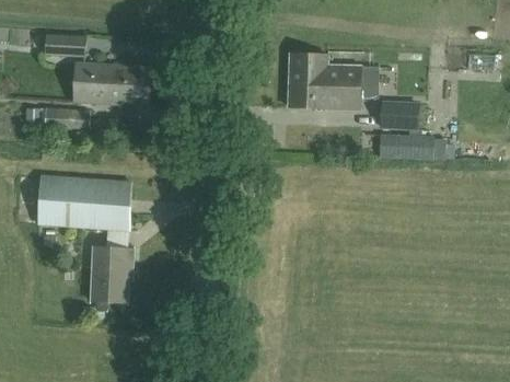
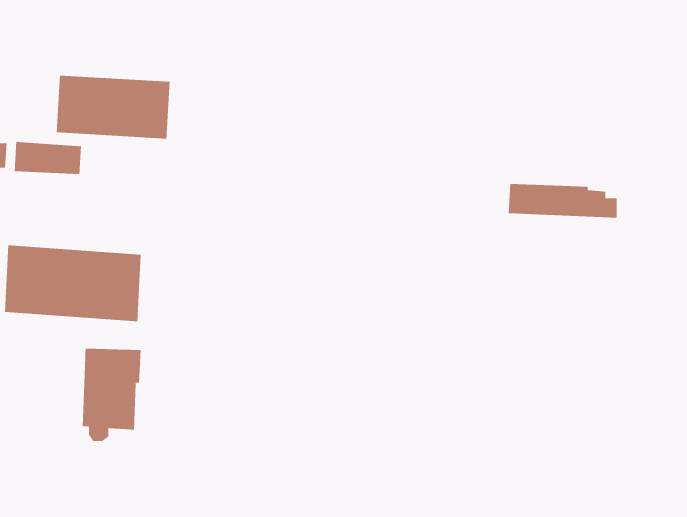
building: [44,33,84,57] -> none
building: [288,53,378,108] -> none
building: [381,101,418,129] -> none

